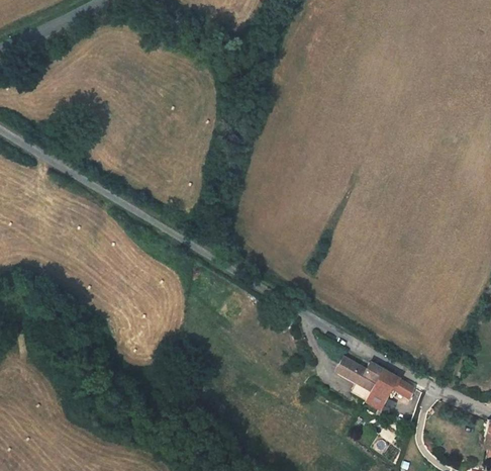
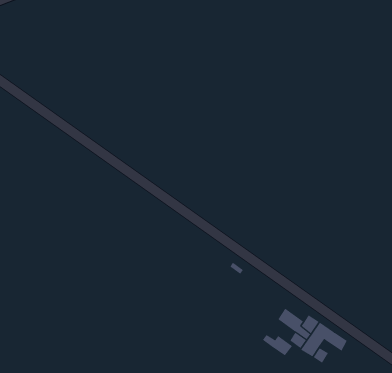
building: none -> [262,334,293,356]

